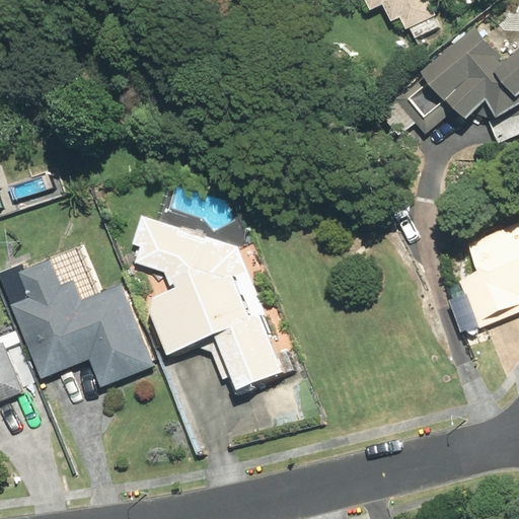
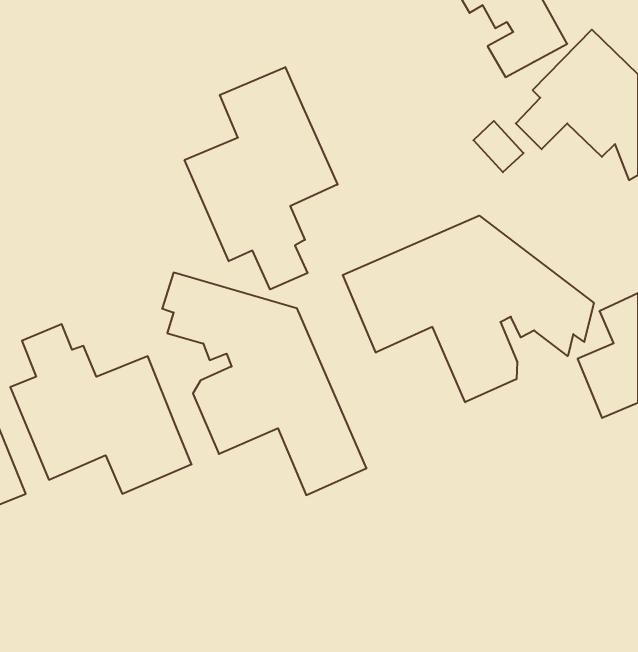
building: none -> [185,67,338,289]
building: none -> [343,216,594,402]

